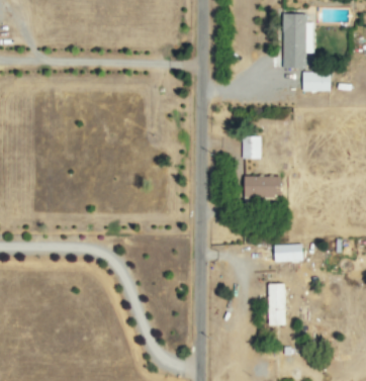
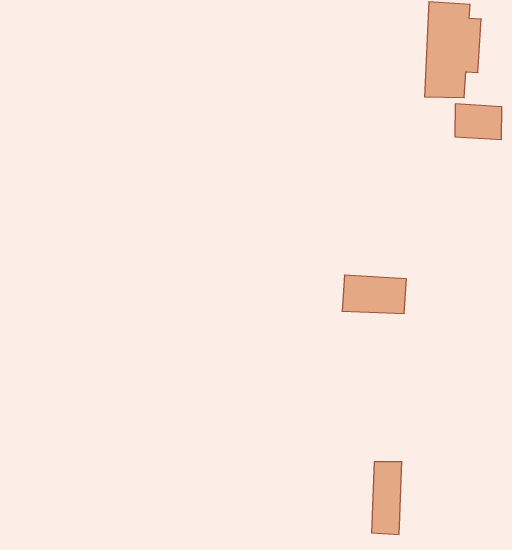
building: [243,135,262,159] -> none
building: [274,244,303,262] -> none

